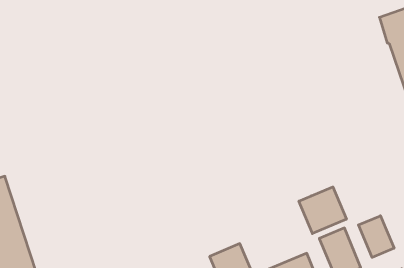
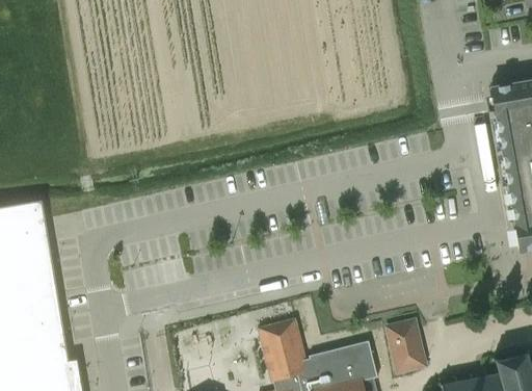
building: [299,187,346,234] -> none
building: [358,216,394,257] -> none

